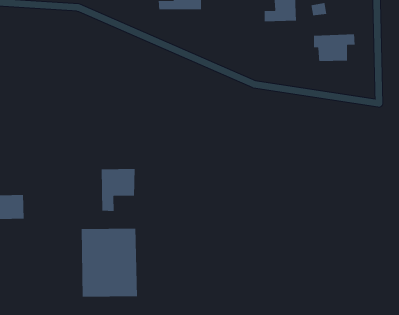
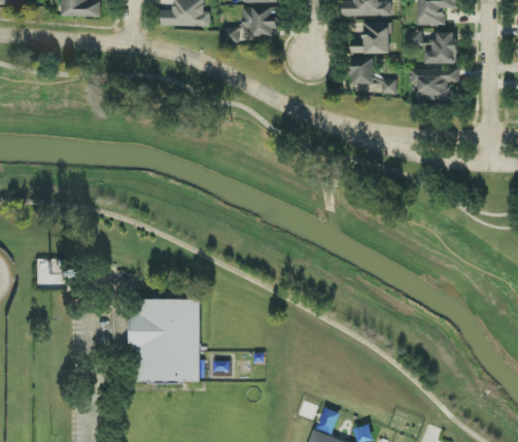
building: none -> [424,32,460,64]
building: none -> [351,59,396,95]
building: [101,168,136,212] -> none

